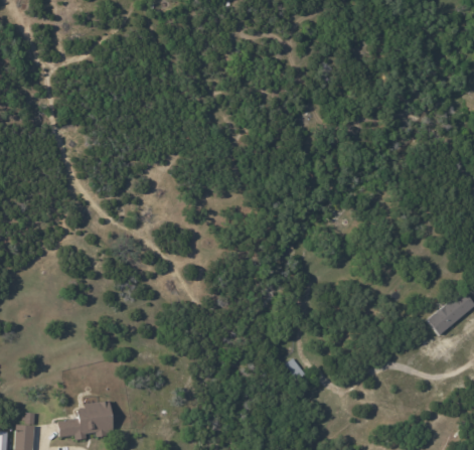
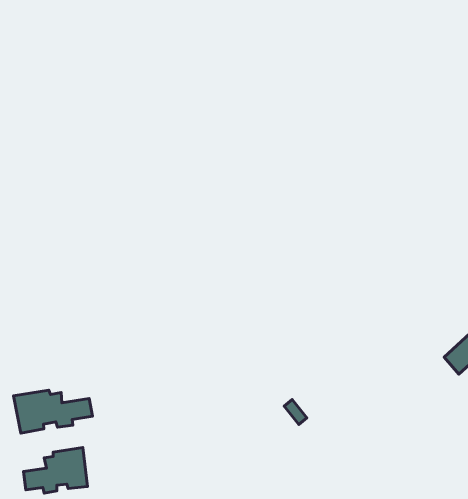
building: none -> [13,390,93,433]

